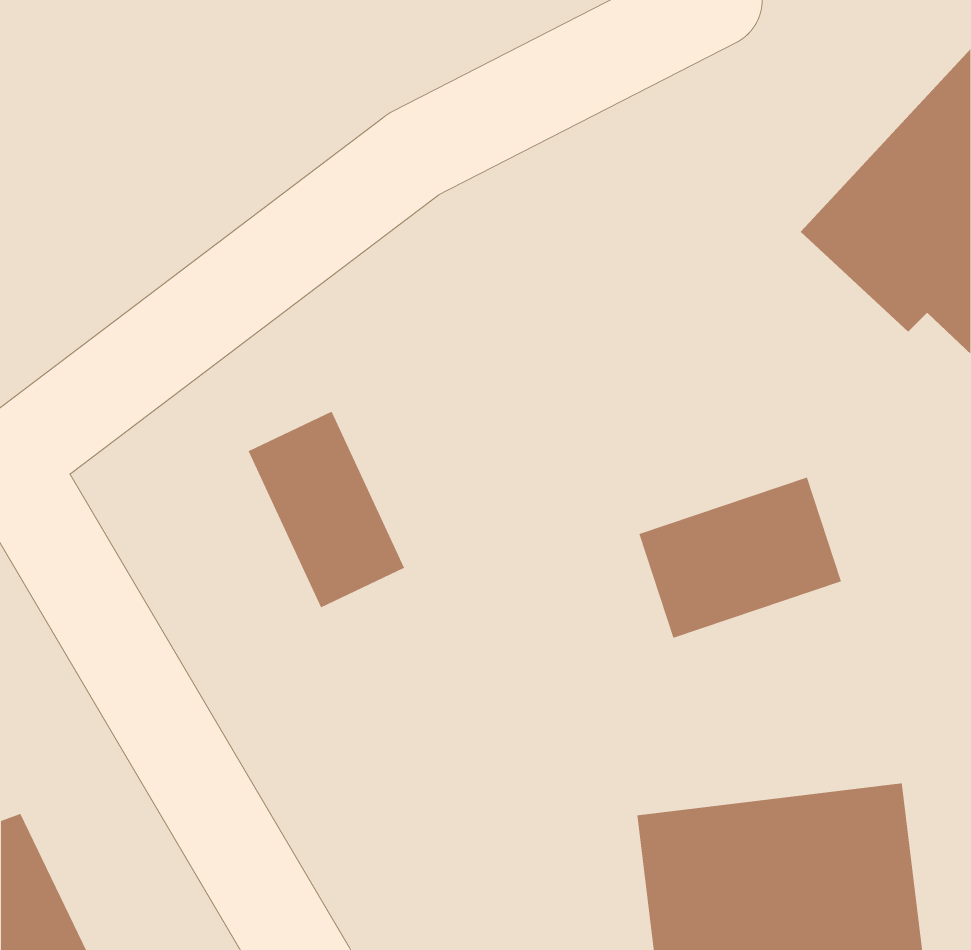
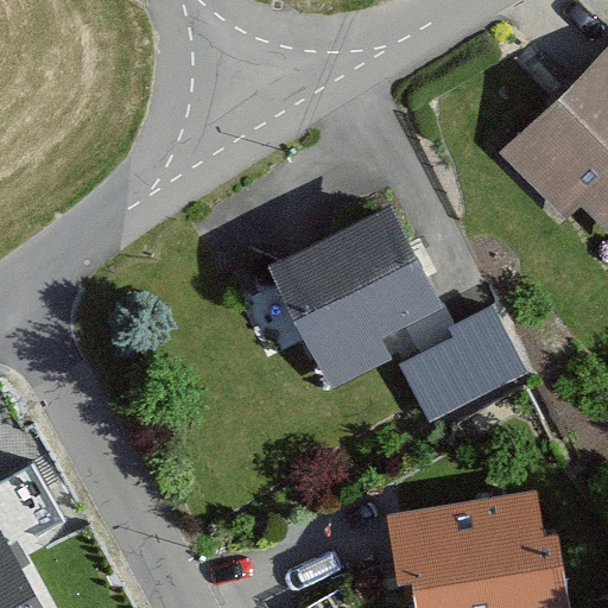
building: none -> [255,197,445,397]
building: [248,411,405,608] -> none

